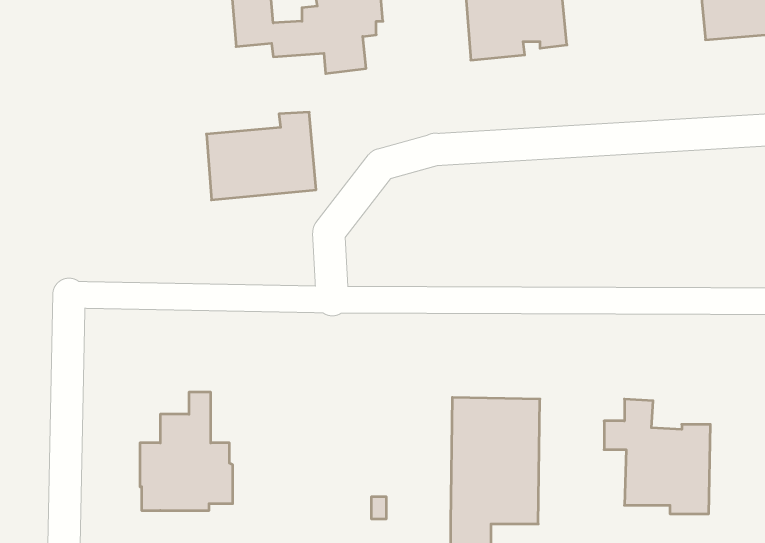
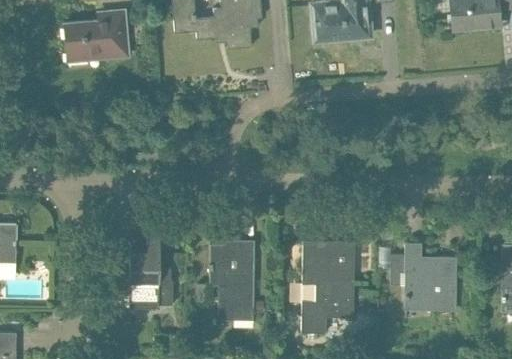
building: [206,112,316,200] -> [64,11,129,63]
building: none -> [209,241,255,320]

